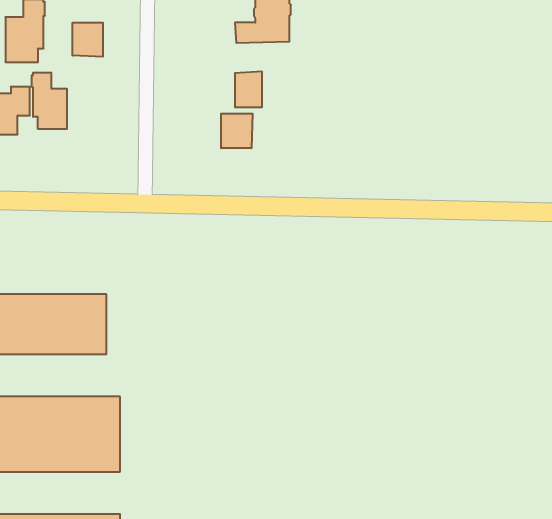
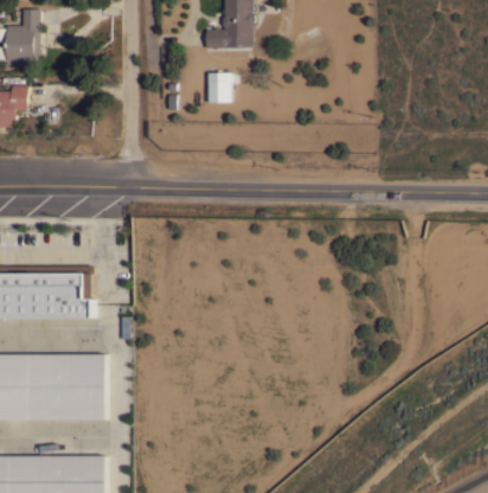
building: [73,23,103,57] -> none
building: [32,73,67,129] -> none
building: [221,114,253,148] -> none

